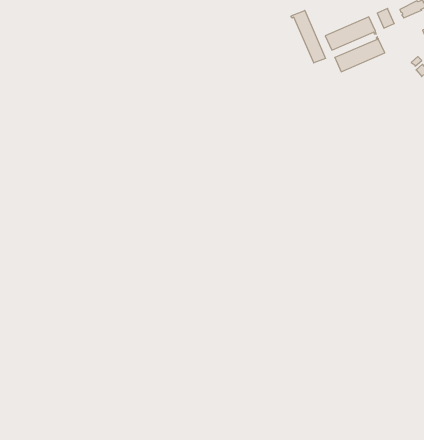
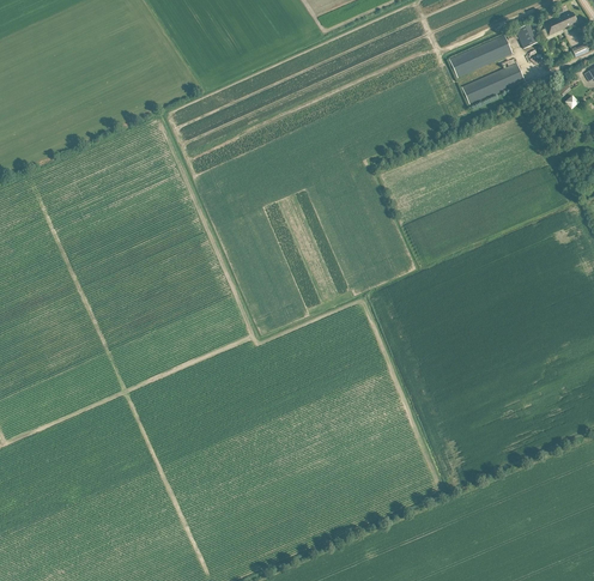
building: [291,10,326,63] -> none

